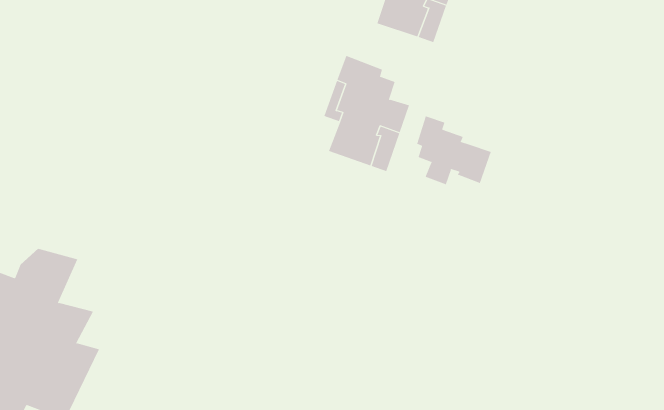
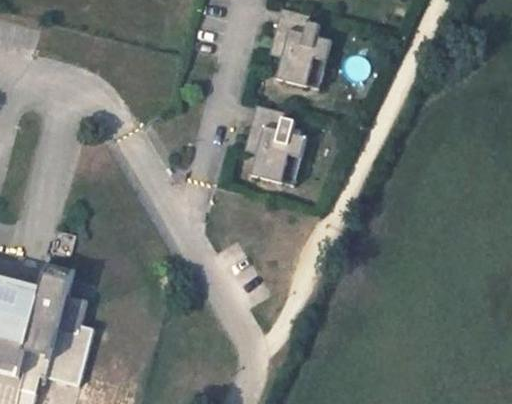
building: [416,115,492,185] -> none

